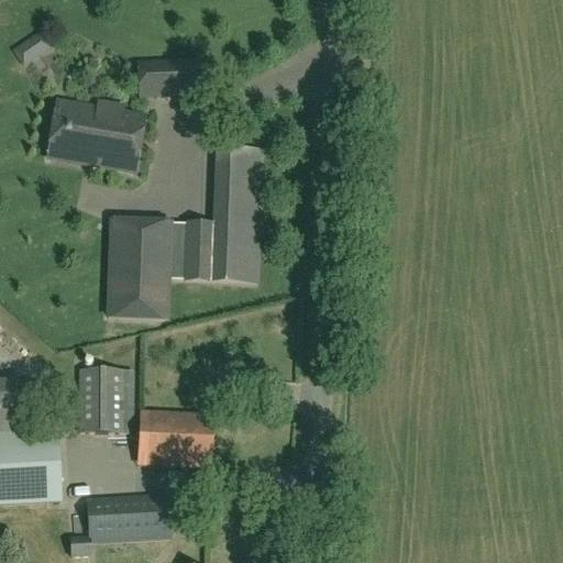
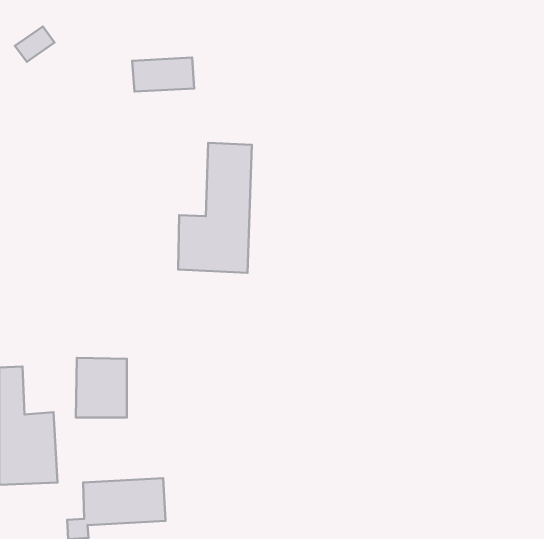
building: [46,102,143,170] -> none
building: [106,219,168,318] -> none
building: [148,408,228,465] -> none

